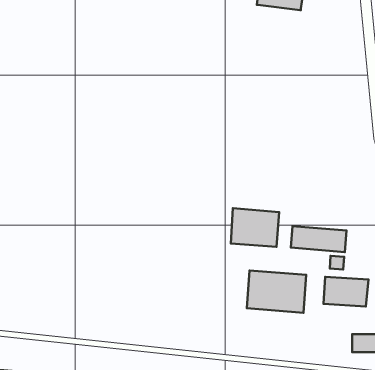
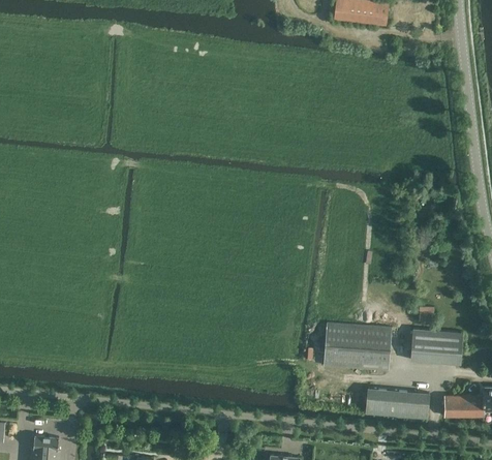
building: [231,208,279,247] -> none
building: [291,226,346,252] -> [366,389,430,419]

